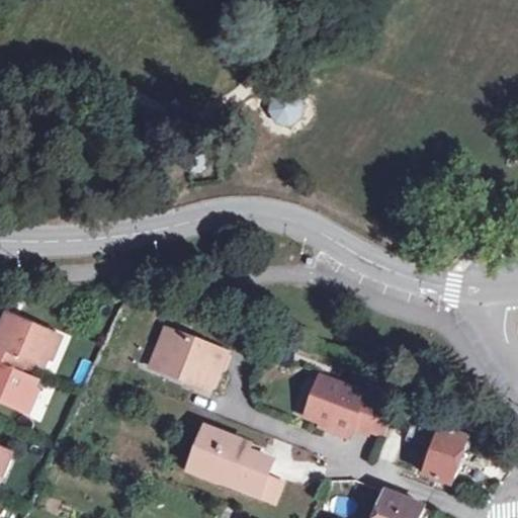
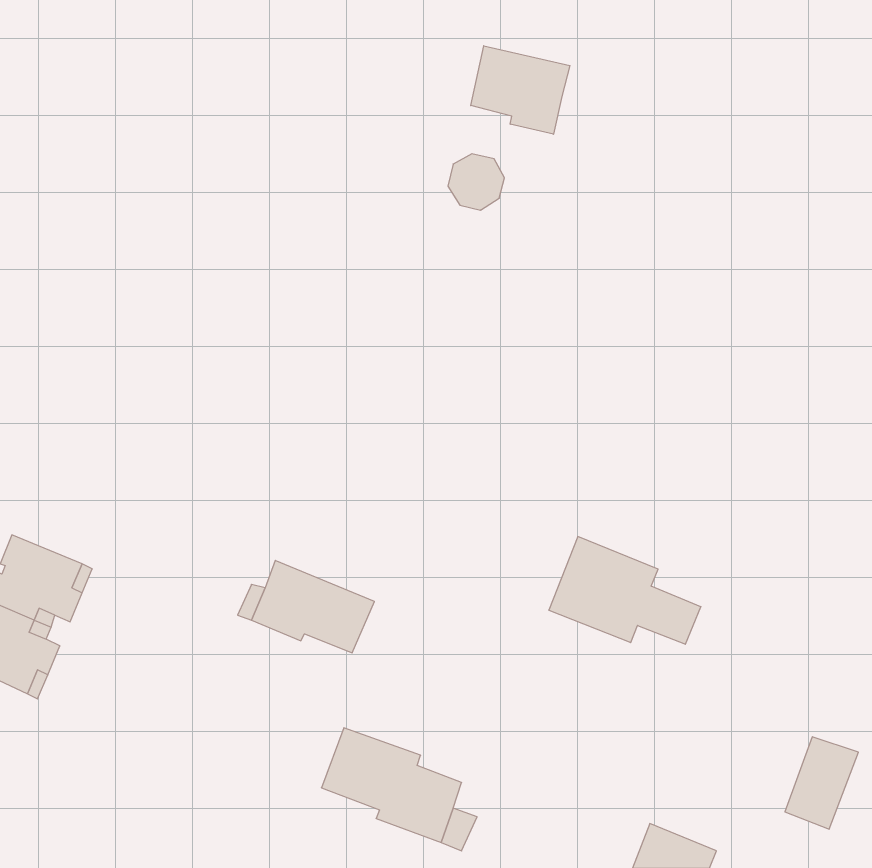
building: none -> [471,46,570,134]
building: [297,370,387,434] -> [549,537,701,644]
building: [426,427,469,482] -> [785,737,858,829]

